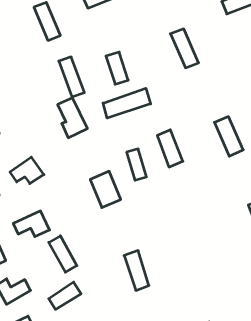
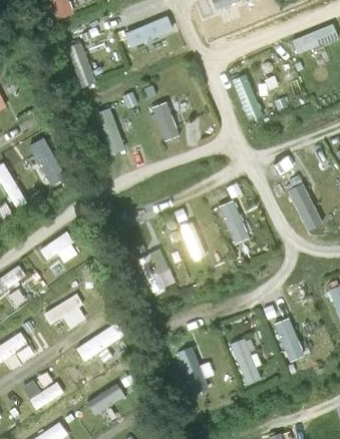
building: [103,88,151,118] -> none
building: [58,98,87,138] -> [33,141,69,189]
building: none -> [273,316,301,360]
building: none -> [231,336,258,383]

